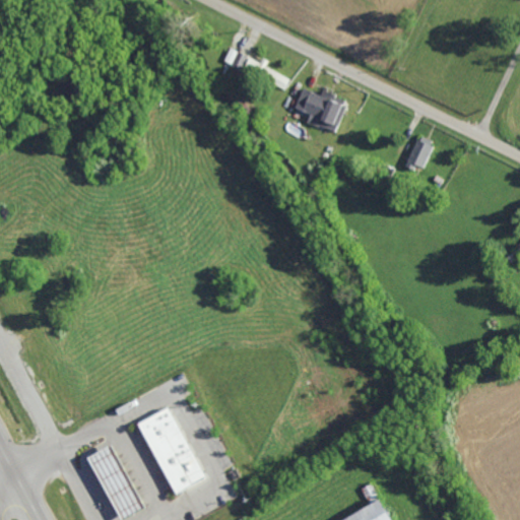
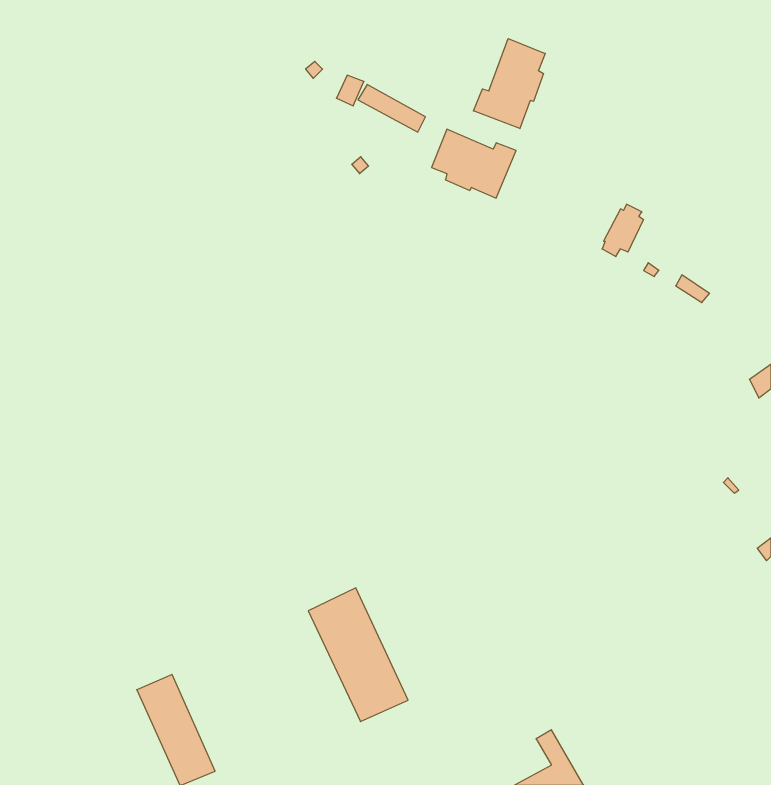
building: none -> [473,39,545,129]
building: [138,406,204,495] -> [308,588,408,722]

